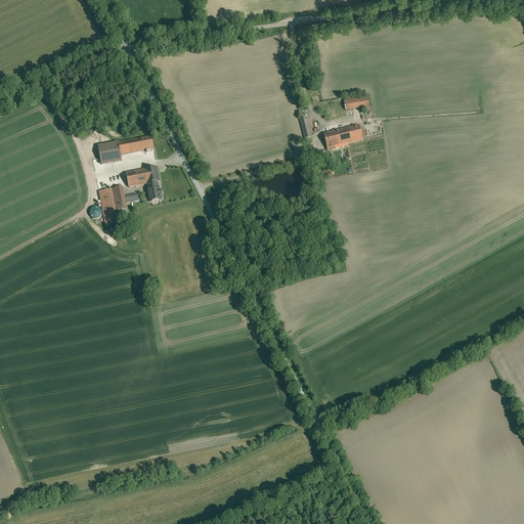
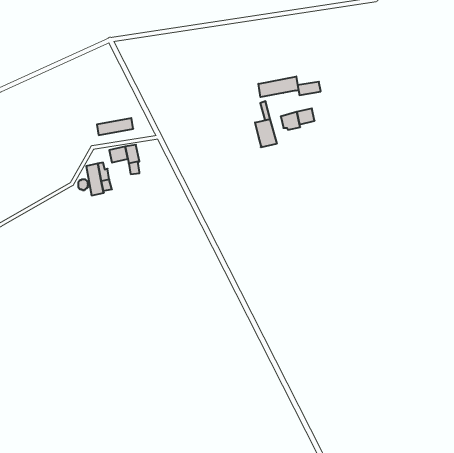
building: none -> [258,76,299,97]
building: none -> [255,119,277,147]

